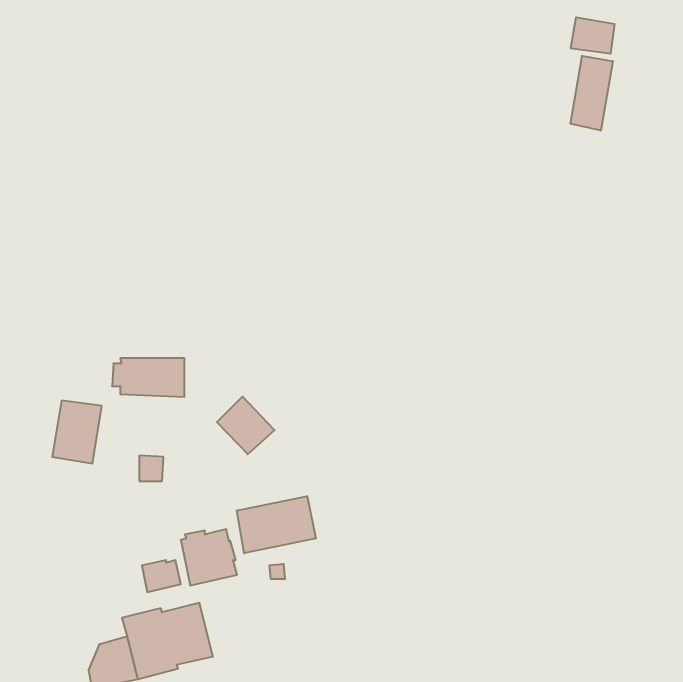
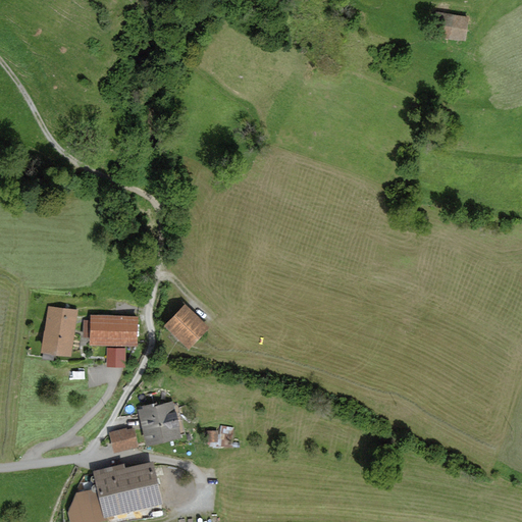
building: [570,56,613,131] -> none
building: [112,358,184,397] -> [83,316,138,346]
building: [237,496,316,553] -> none

